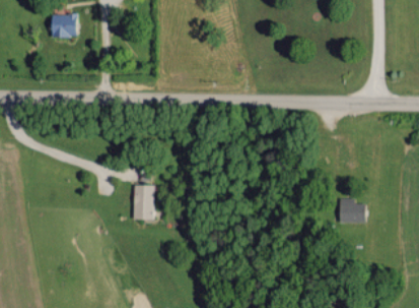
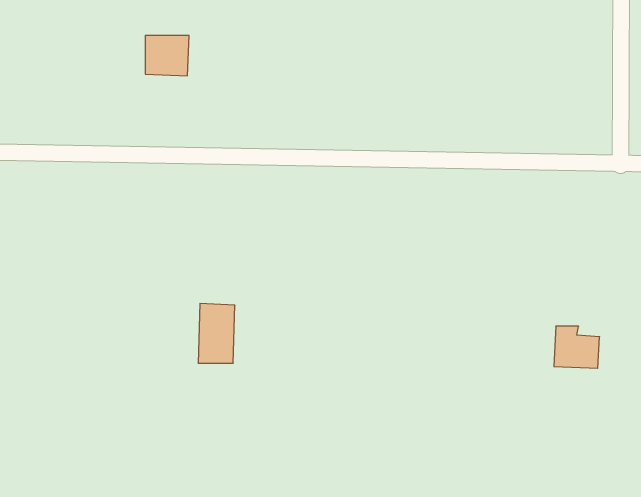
building: [51,14,76,38] -> [145,35,189,76]

